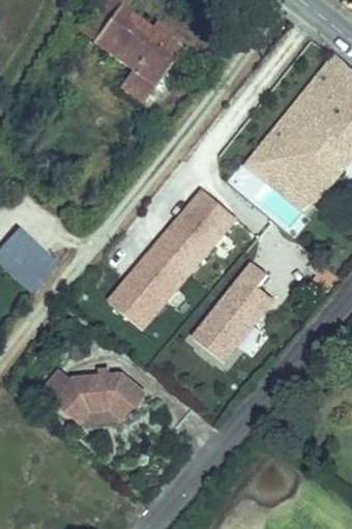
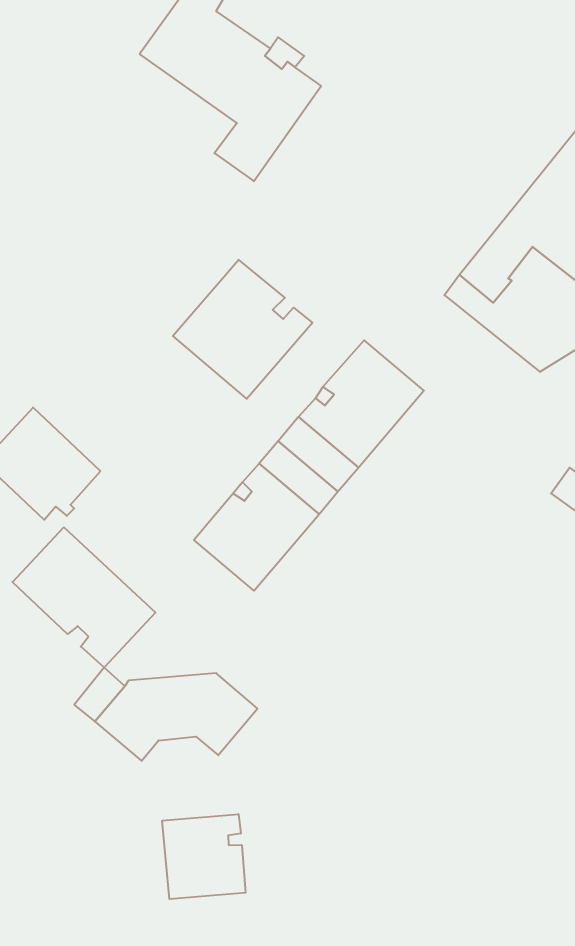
building: none -> [173,260,312,399]
building: [193,261,273,360] -> none
building: none -> [12,527,156,667]
building: none -> [162,814,246,899]

